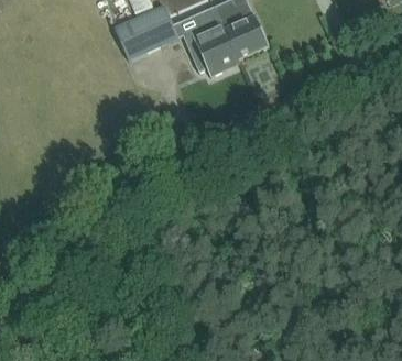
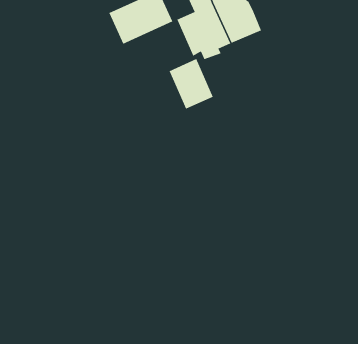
building: none -> [169,58,214,110]

